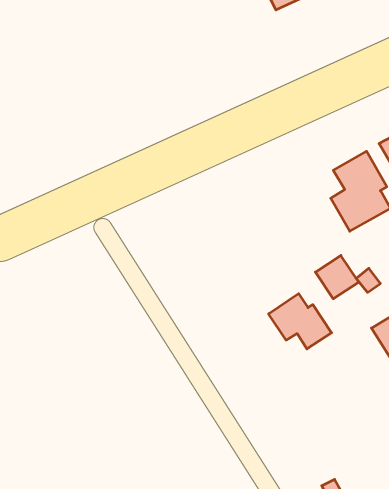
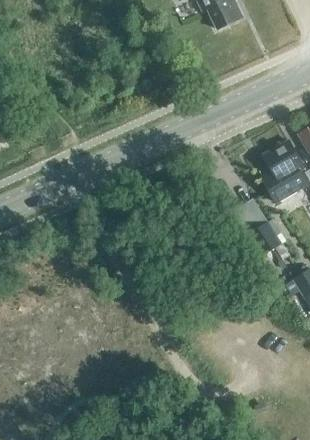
building: [269,294,332,349] -> none

